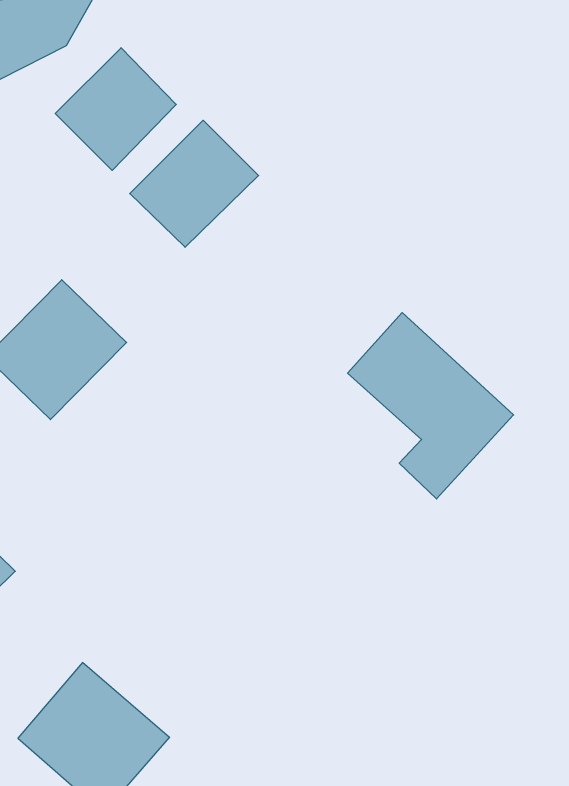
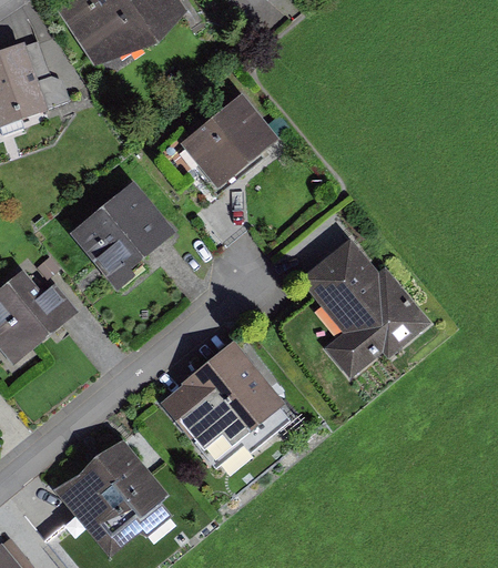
building: [55,48,176,170] -> none
building: none -> [171,342,281,450]

